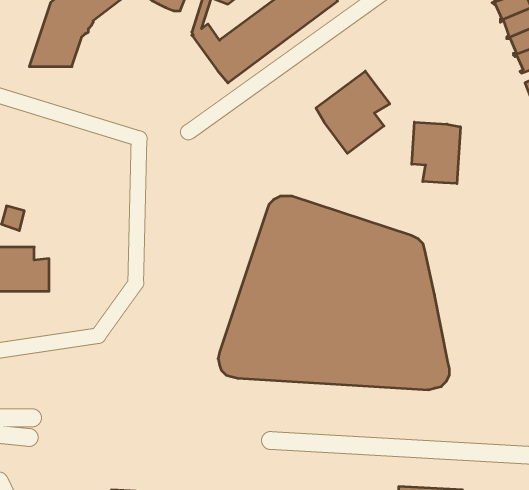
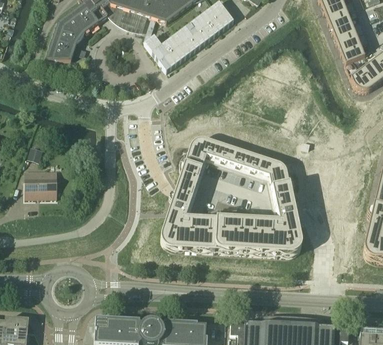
building: [316,71,390,153] -> none
building: [412,122,460,184] -> none

